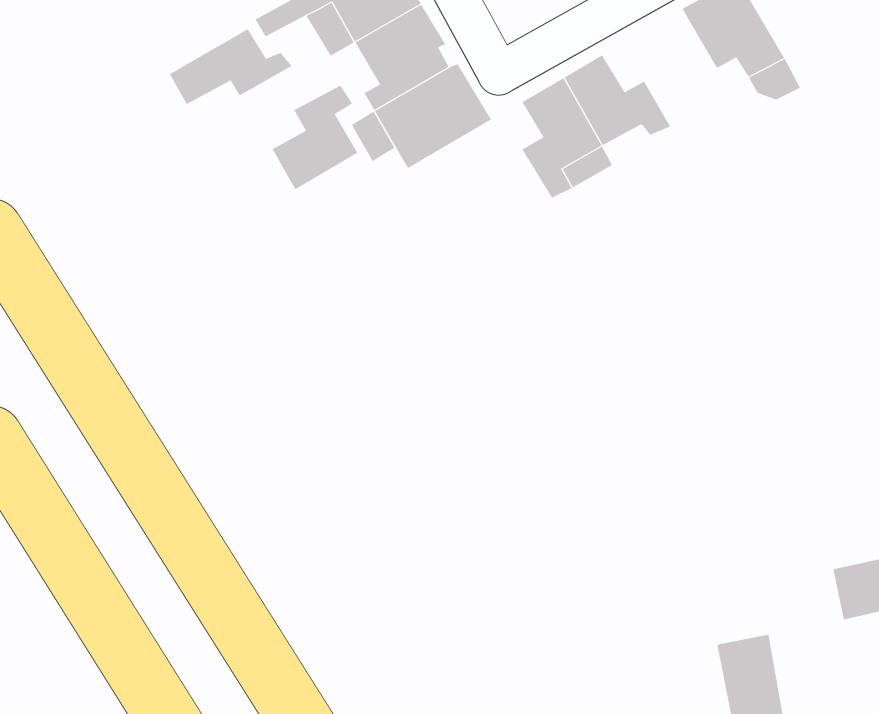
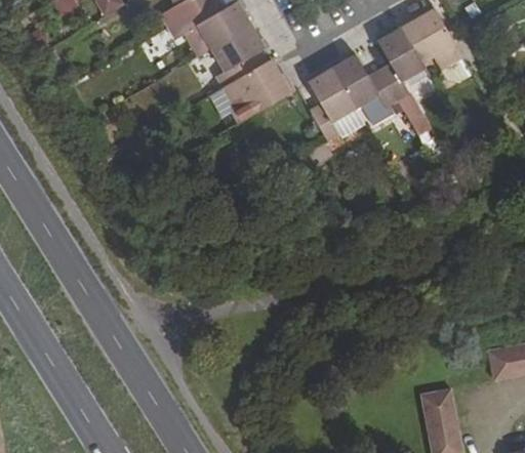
building: none -> [378,27,428,130]
building: [169,28,292,105] -> none
building: [272,85,358,190] -> none

